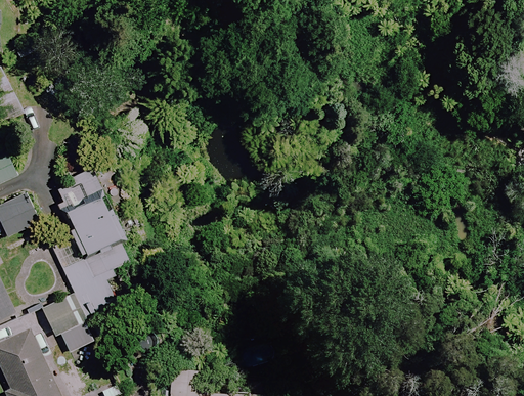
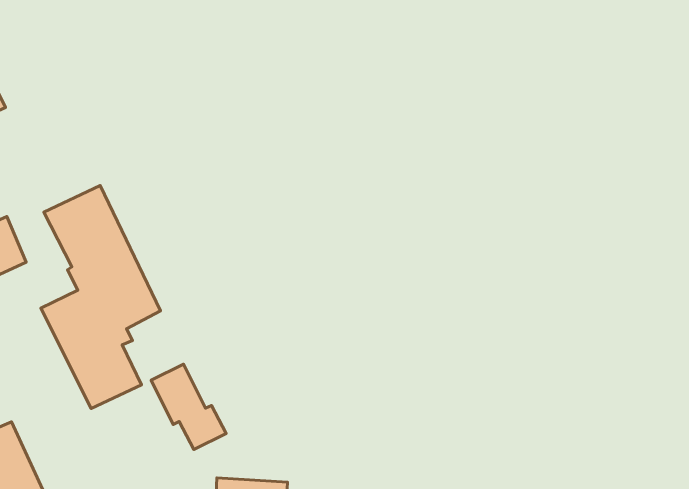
building: [39,293,91,352] -> [151,364,226,450]

